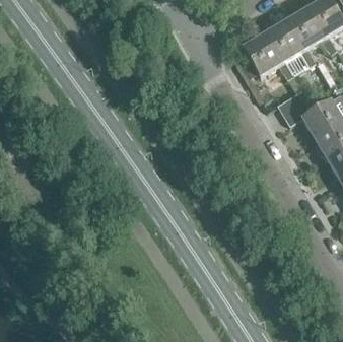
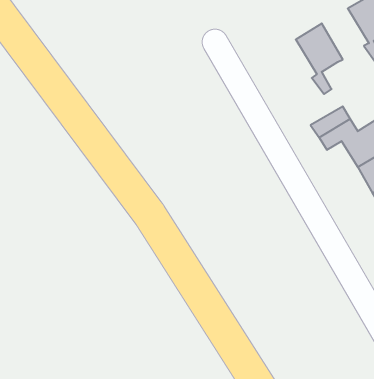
building: [285,8,324,65] -> none
building: [242,33,281,75] -> none

